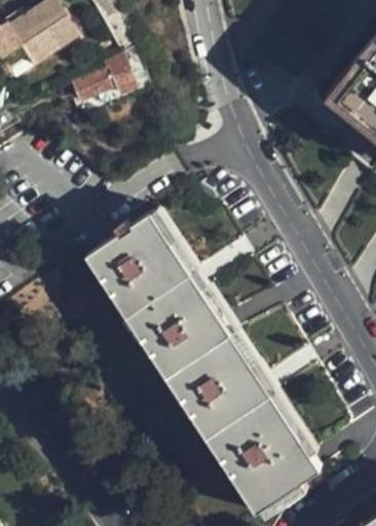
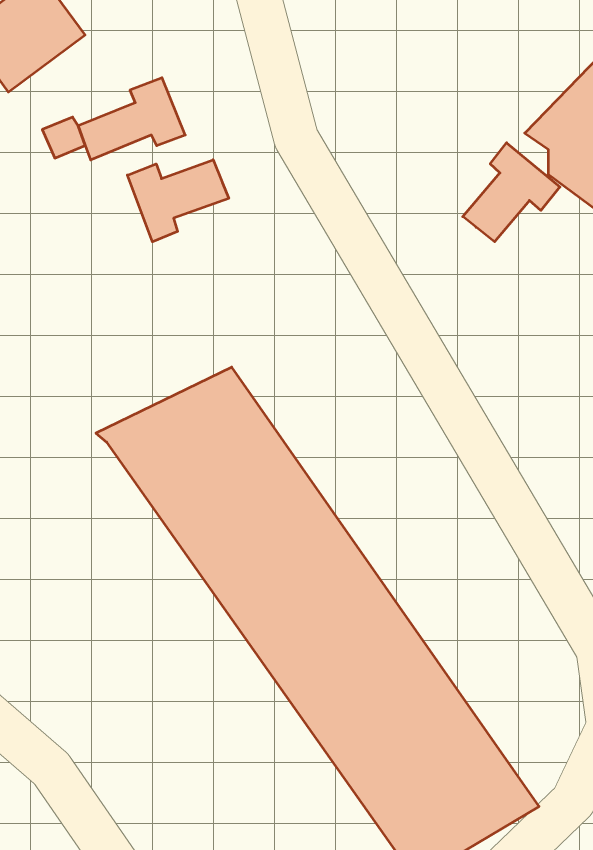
building: none -> [463,143,560,242]
building: none -> [127,160,229,242]

